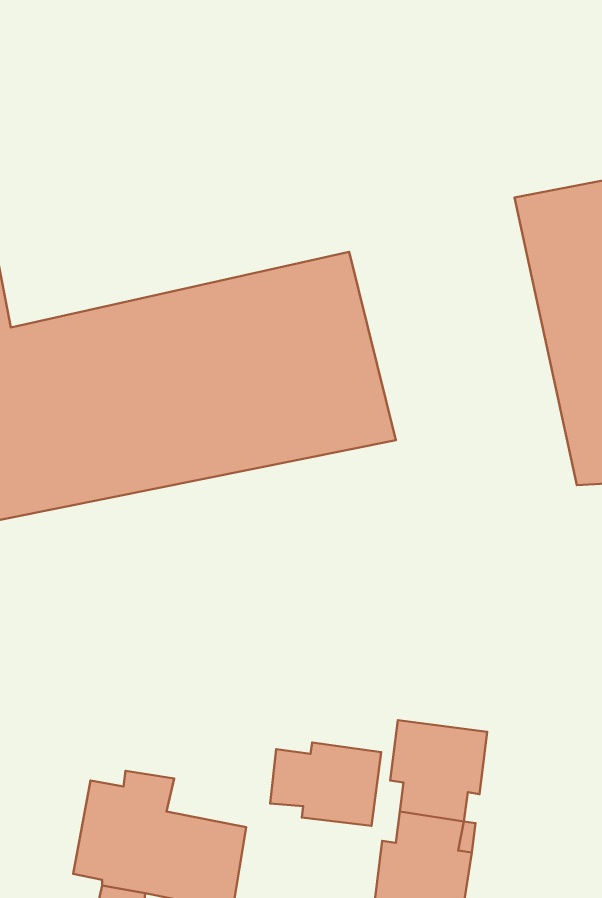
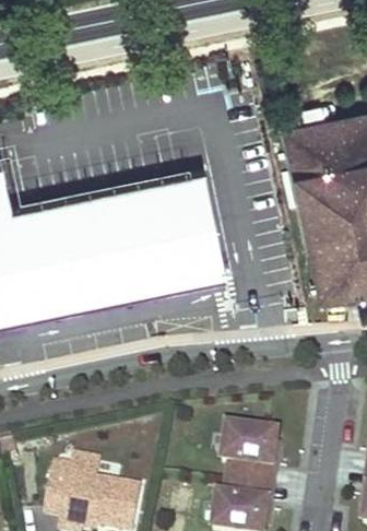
building: [270,742,381,826] -> none

